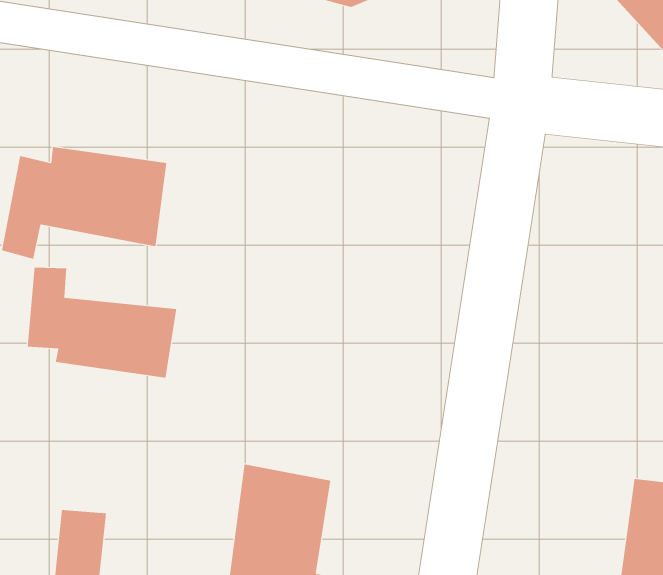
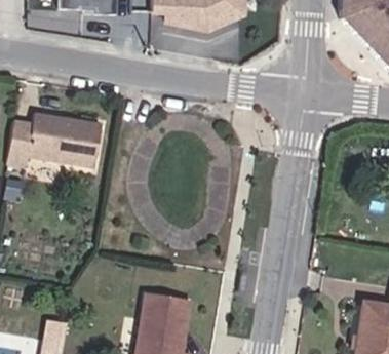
building: [27,267,177,378] -> none

